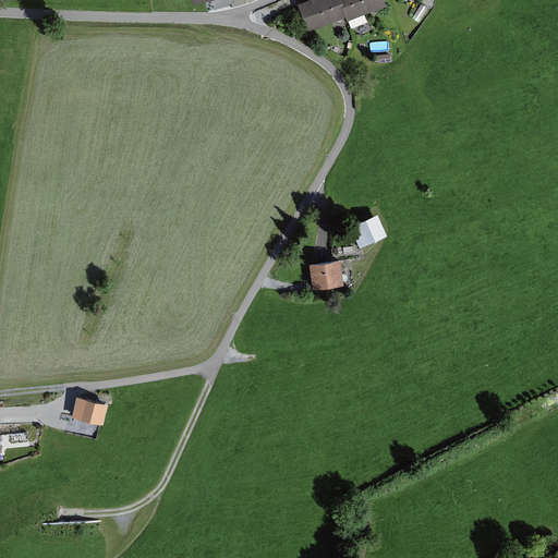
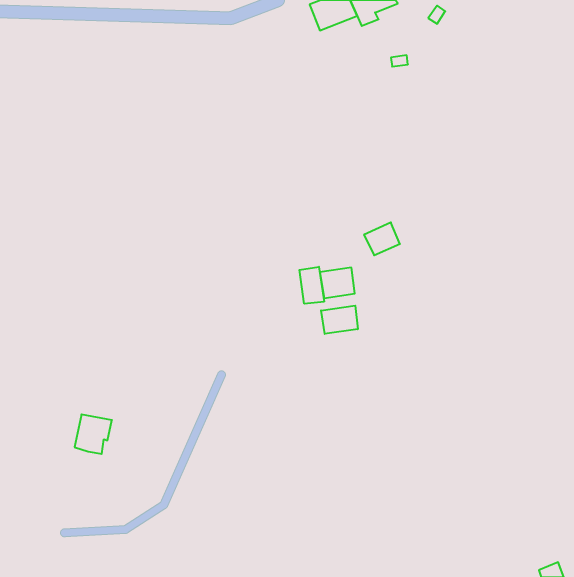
building: none -> [299,267,324,304]
building: none -> [321,306,358,334]

